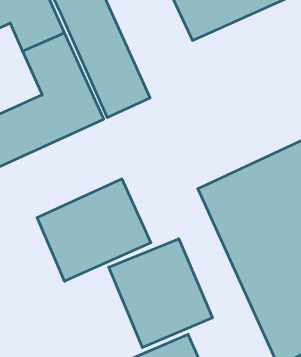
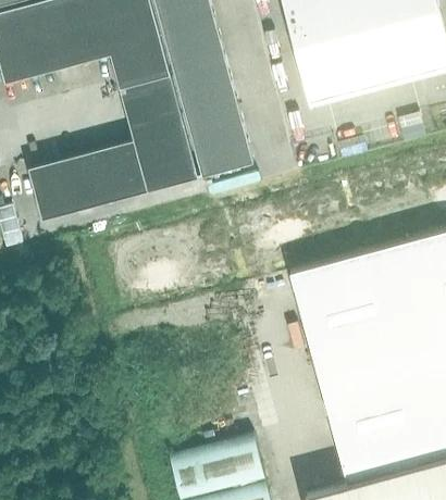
building: [37,179,151,281] -> none
building: [109,239,212,348] -> none

